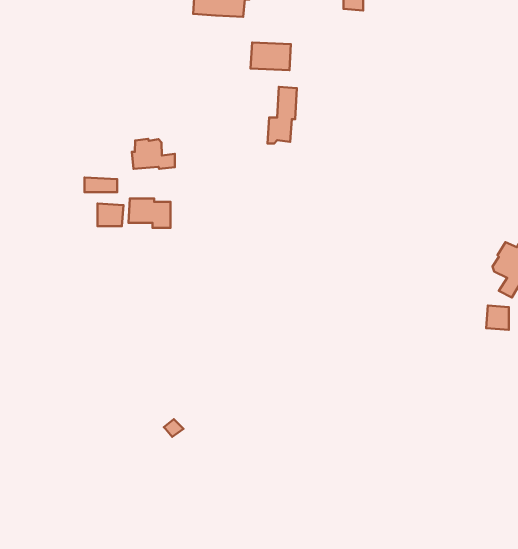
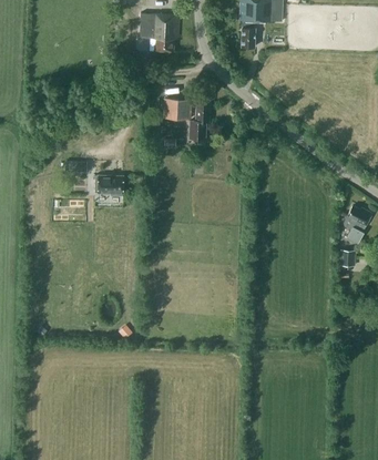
building: [250,43,291,70] -> [162,100,190,119]
building: [132,139,175,169] -> none

